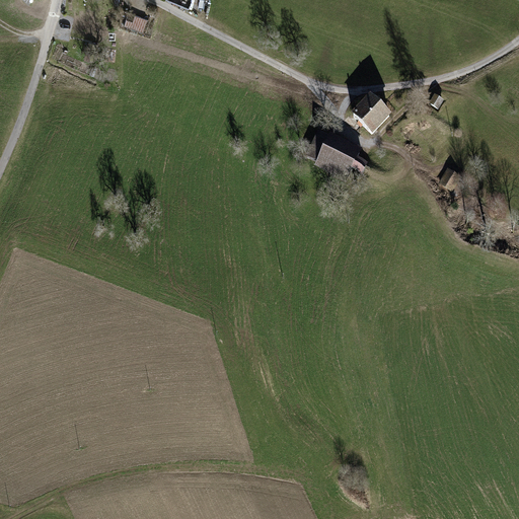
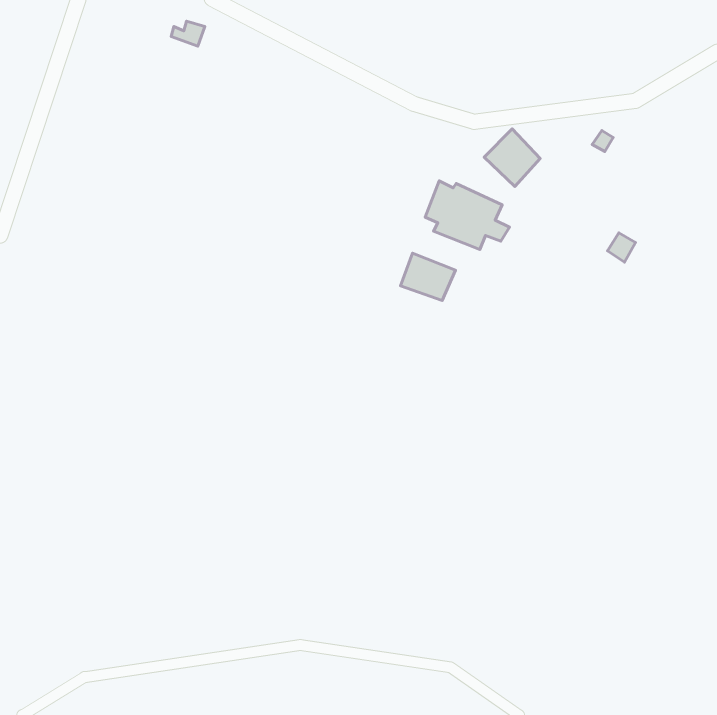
building: none -> [401,253,456,300]

